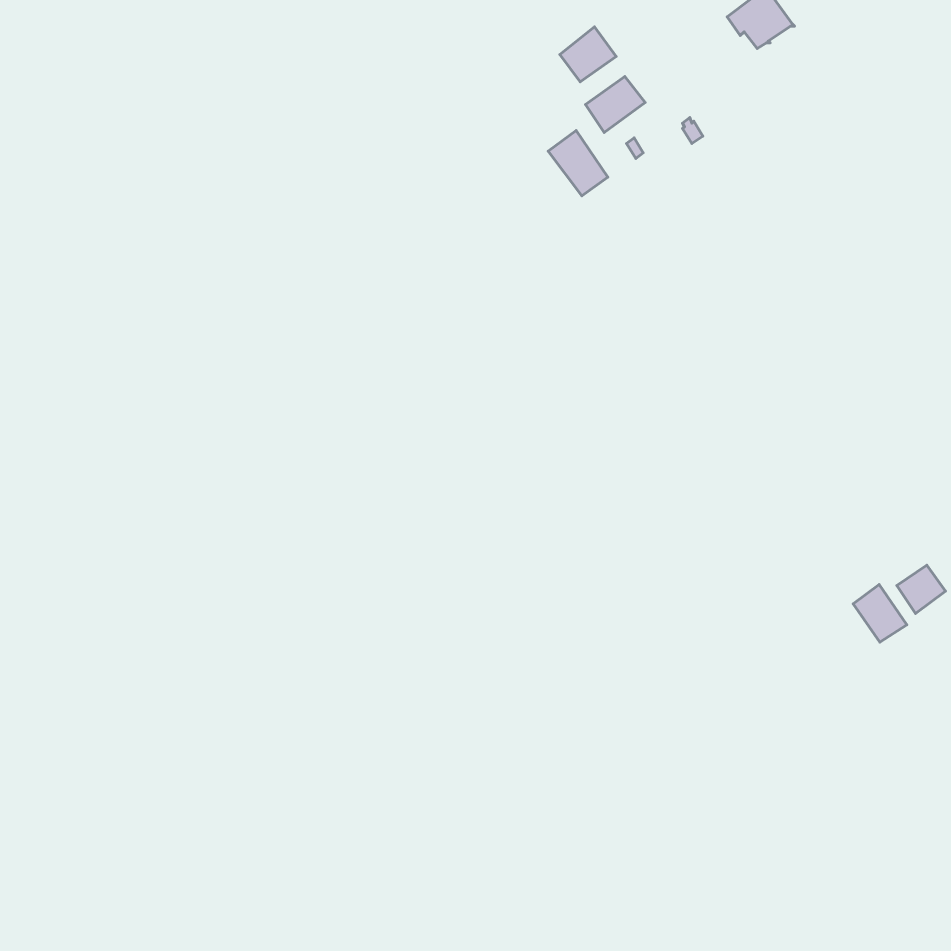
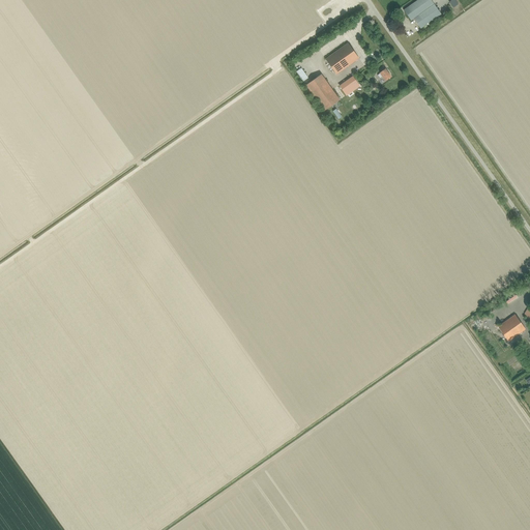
building: [560,27,616,82] -> none
building: [853,584,907,642] -> none

